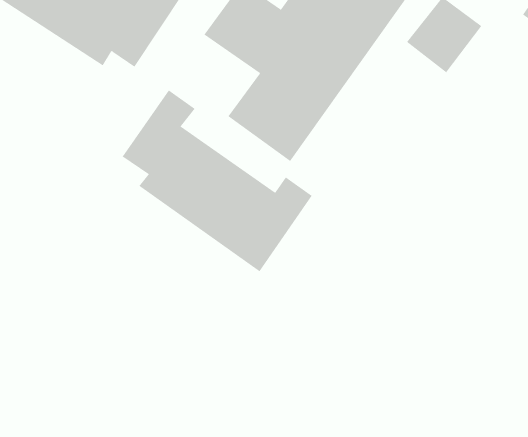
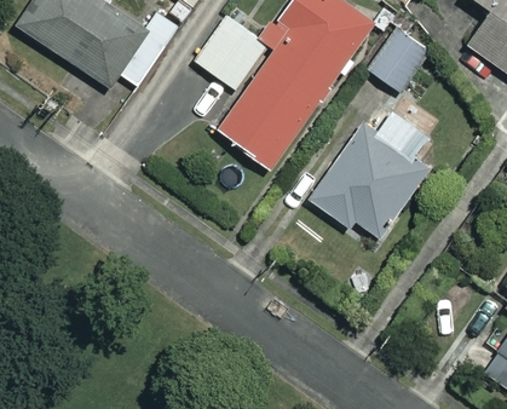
building: none -> [309,99,433,237]
building: [122,89,312,272] -> none

